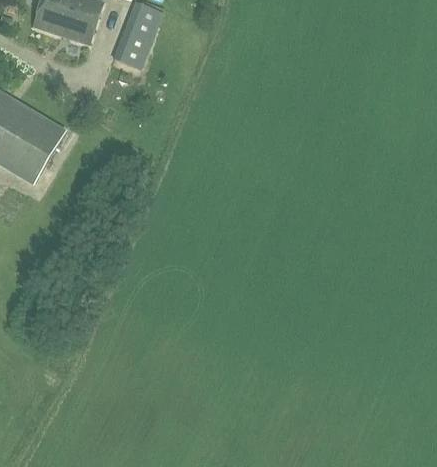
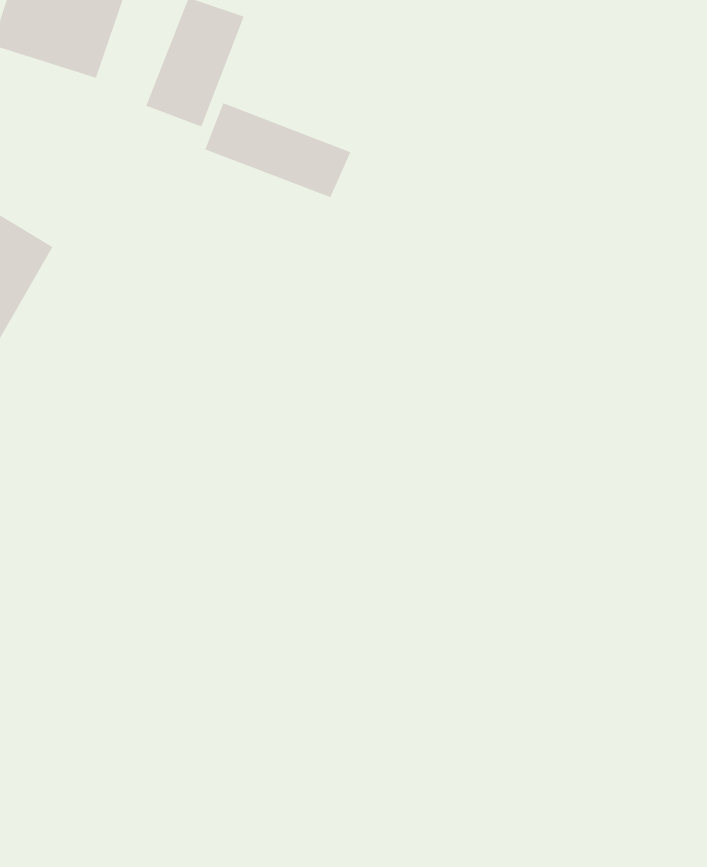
building: none -> [204,102,351,198]

